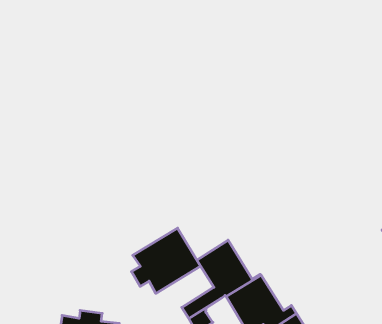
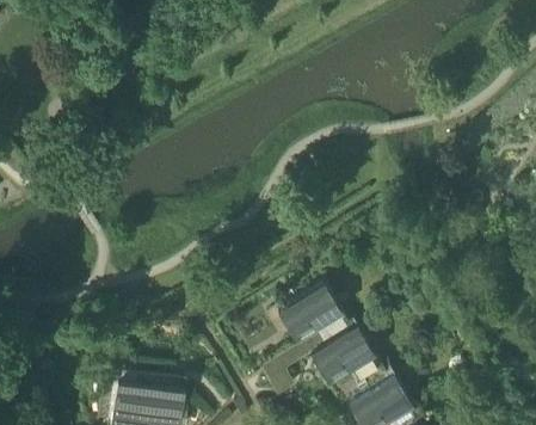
building: [131,228,200,293] -> none

